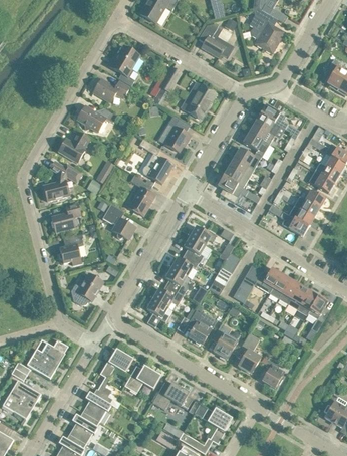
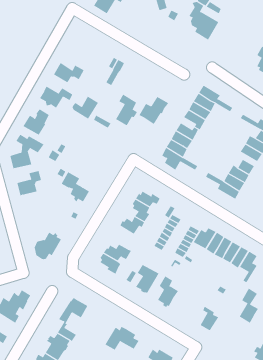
building: [199,23,232,58] -> none
building: [108,45,139,85] -> none
building: [181,85,216,119] -> [138,96,169,125]
building: [142,157,174,184] -> [72,96,99,120]
building: [129,176,155,216] -> none
building: [59,234,83,265] -> none
building: [165,266,188,295] -> none
building: [236,332,261,374] -> [237,288,259,324]
building: [124,366,161,393] -> none

